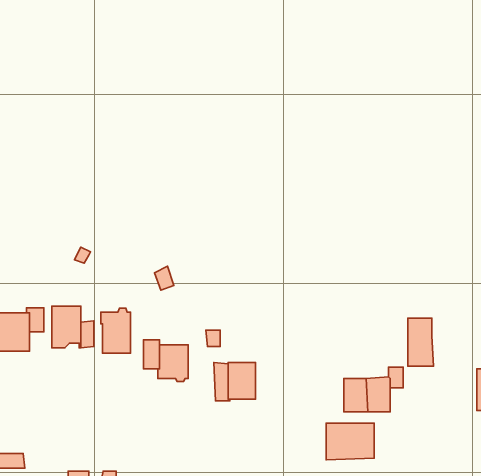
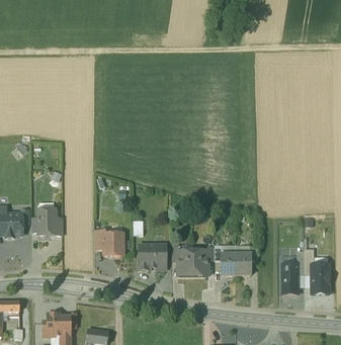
building: [101,308,130,353] -> none
building: [408,318,433,366] -> [282,263,299,293]
building: [326,423,374,460] -> [177,251,207,274]

